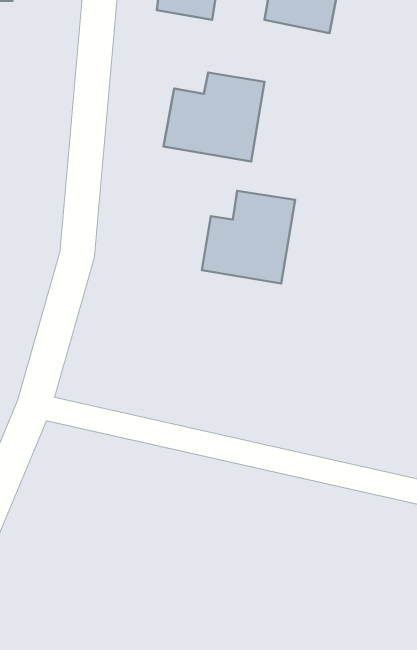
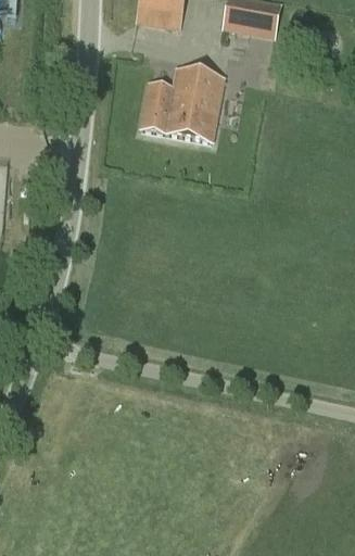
building: [202,191,295,284] -> none

